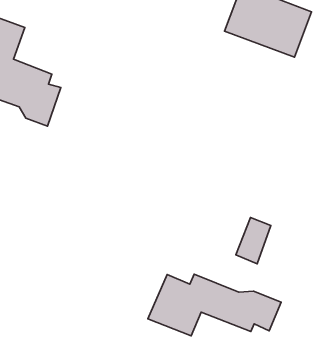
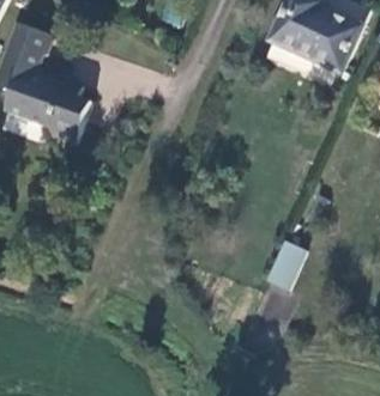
building: [148,274,281,336] -> none

